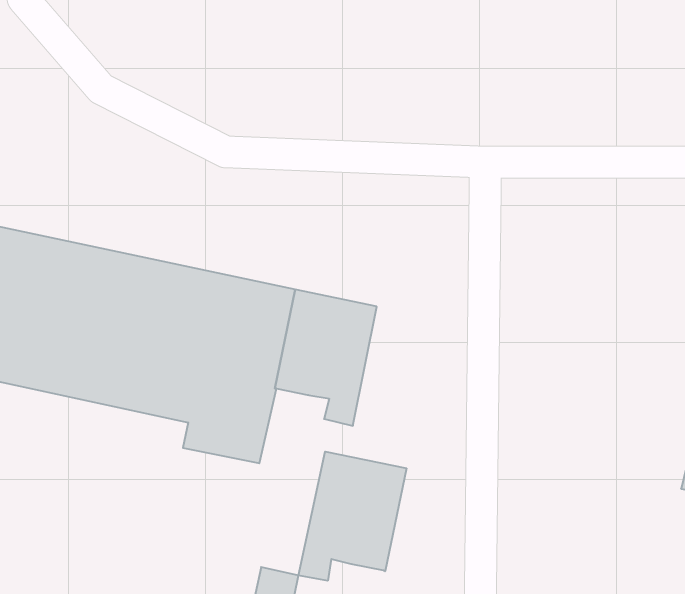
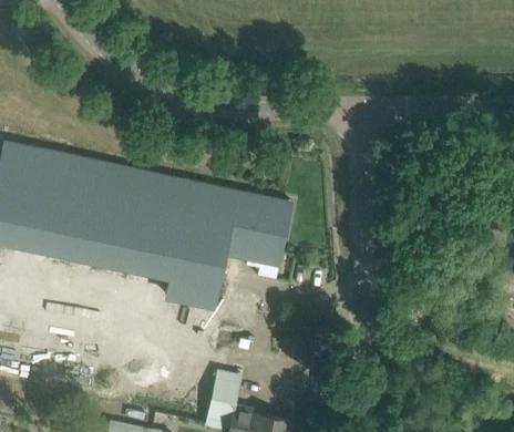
building: [299,452,406,581] -> none

